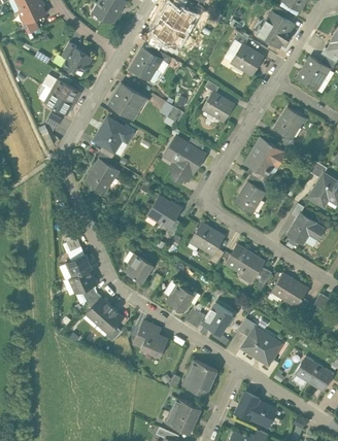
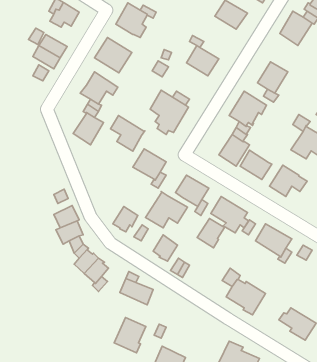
building: none -> [110,115,145,151]
building: none -> [240,150,272,180]
building: none -> [146,191,188,228]
building: [204,304,232,334] -> [197,218,225,248]
building: [183,360,215,396] -> [114,317,146,353]

